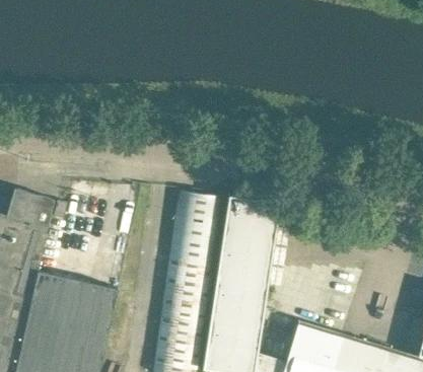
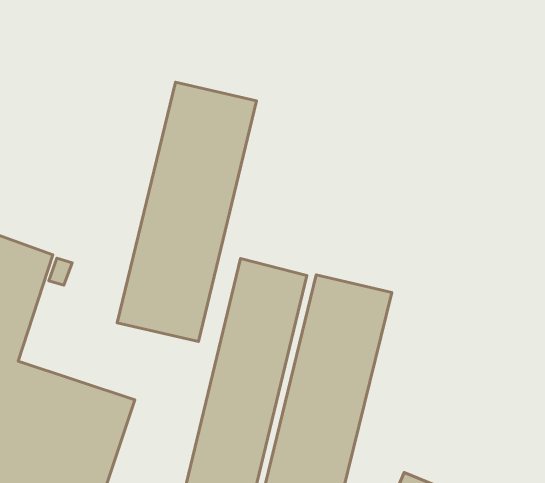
building: none -> [117,82,257,342]

